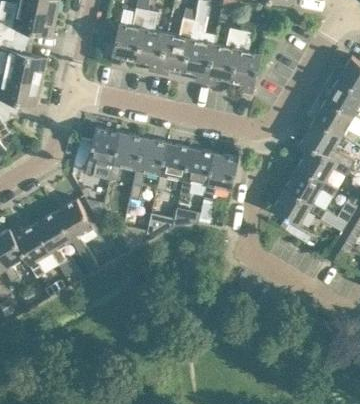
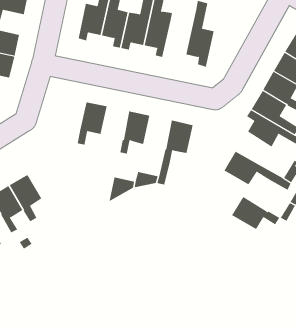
building: [204,27,240,85] -> none
building: [83,127,119,183] -> none
building: [129,137,166,199] -> none
building: [179,147,213,195] -> none
building: [284,165,338,202] -> [231,196,280,230]
building: [55,199,98,273] -> none

